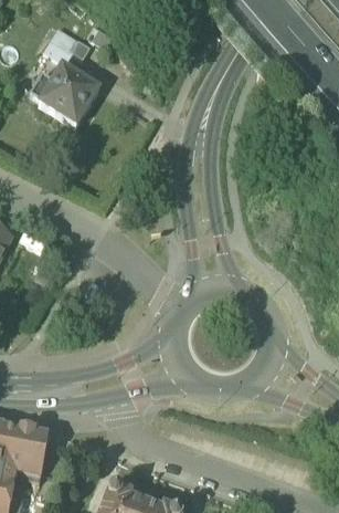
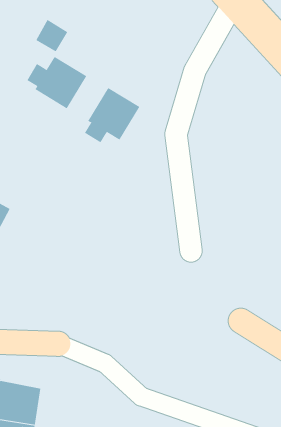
building: none -> [84,87,140,143]

